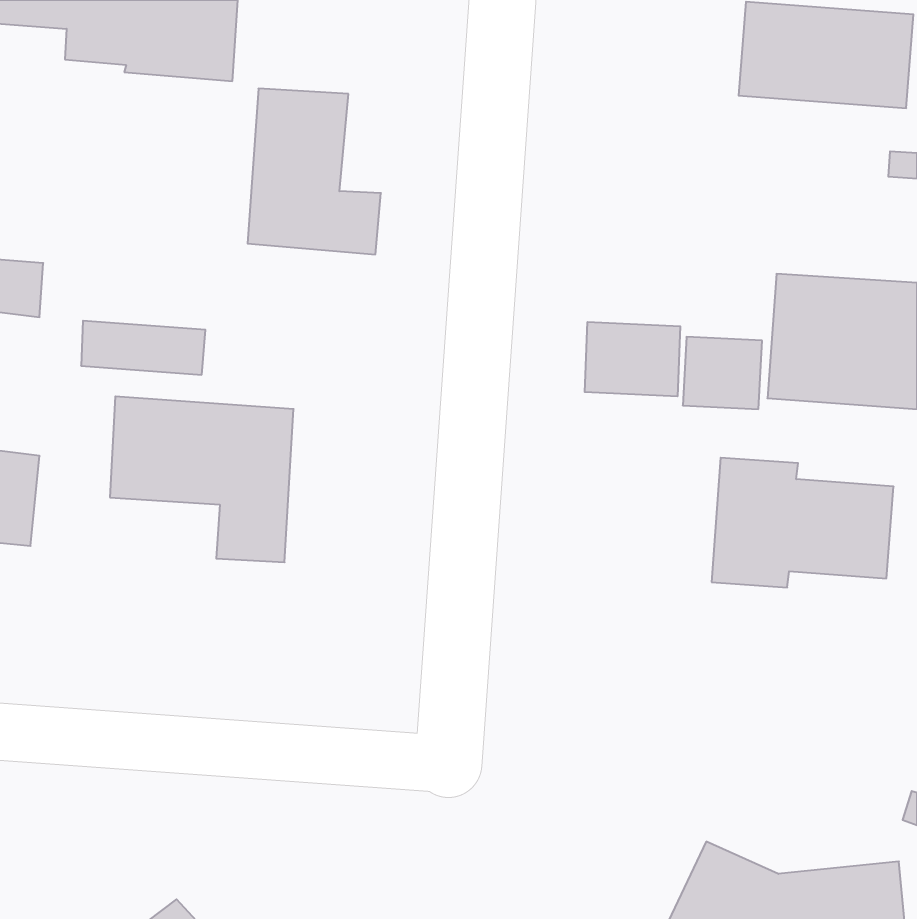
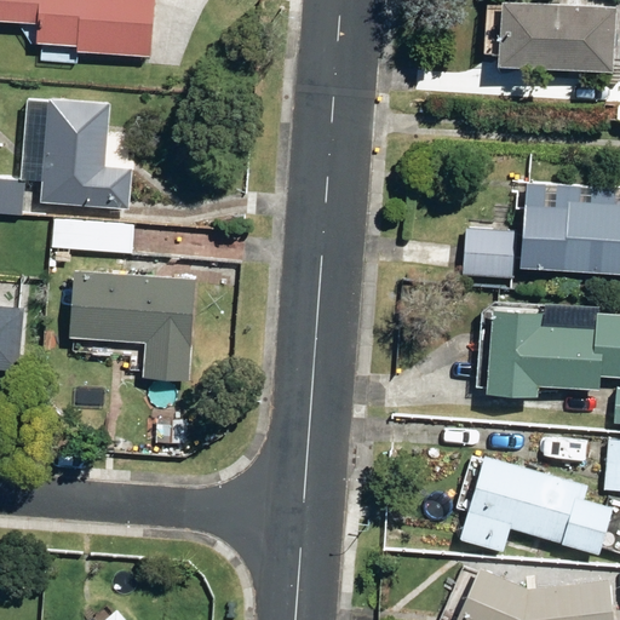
building: [248,89,381,254] -> [46,96,136,207]
building: [585,322,680,396] -> none
building: none -> [453,457,607,555]

